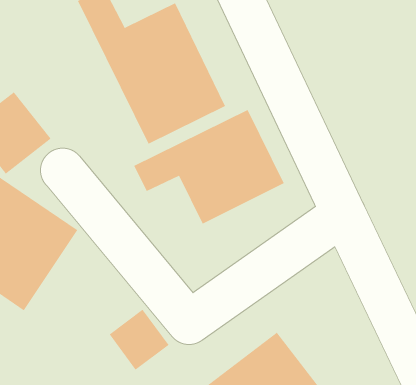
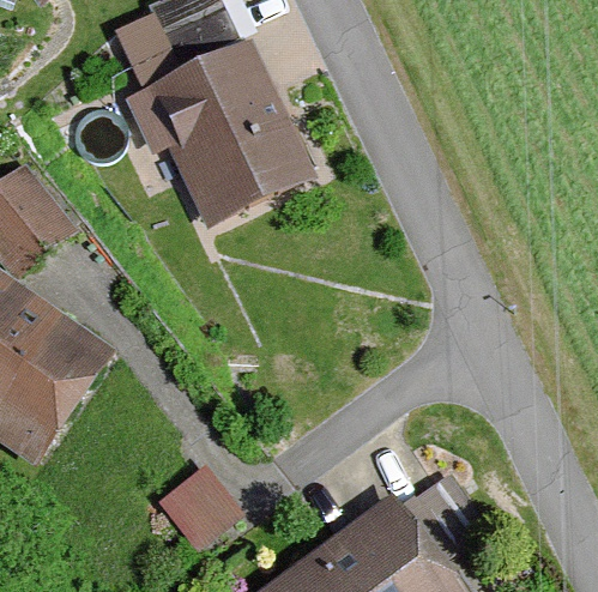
building: [134,109,284,225] -> none

